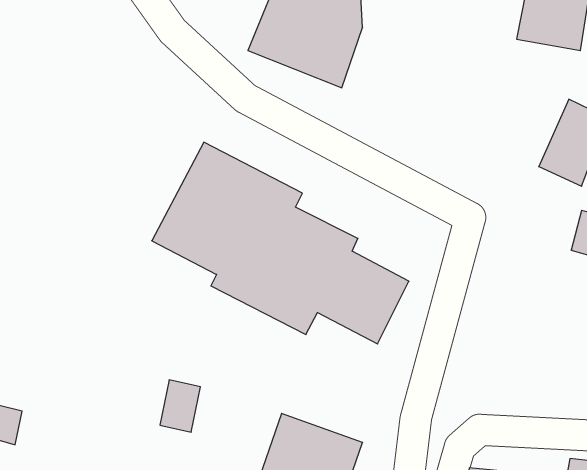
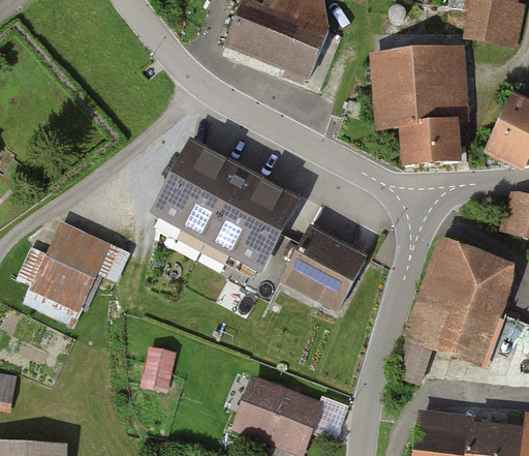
building: none -> [367,44,473,165]
building: none -> [31,221,114,312]
building: none -> [399,243,515,379]

